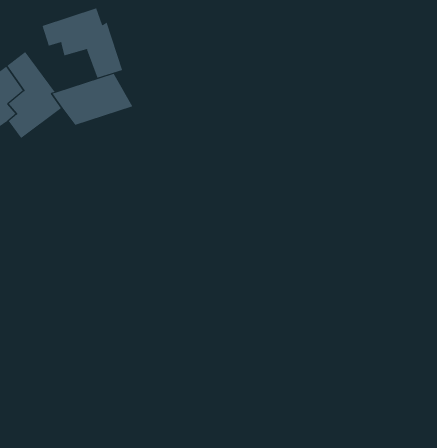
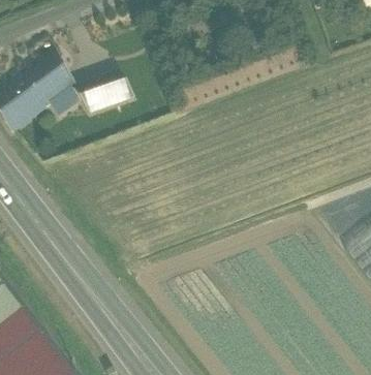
building: [42,8,123,78] -> none

